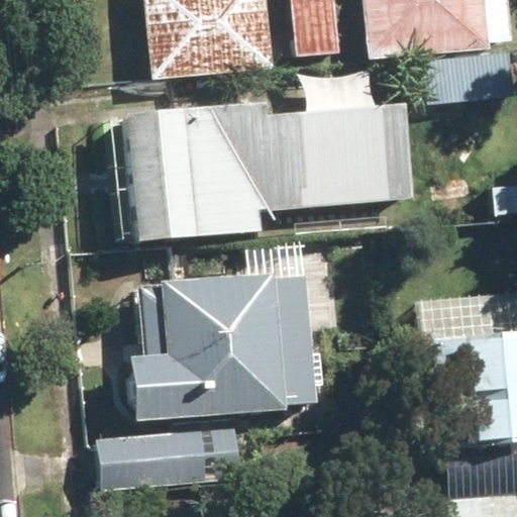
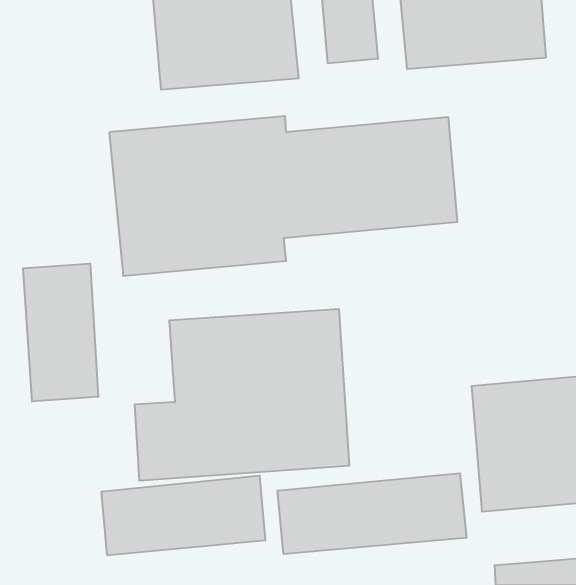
building: none -> [23,263,98,402]
building: none -> [277,473,466,554]

